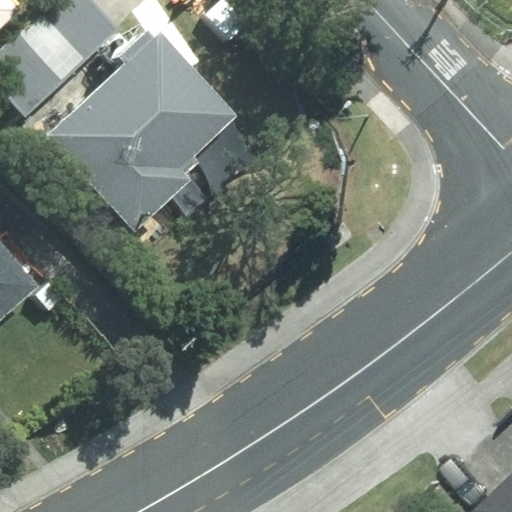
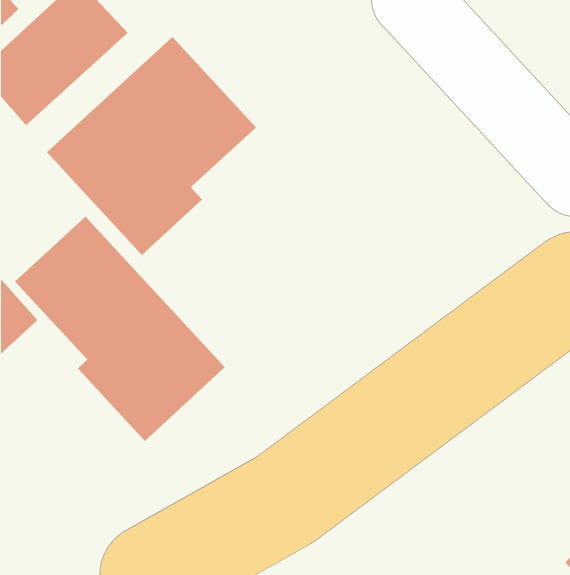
building: none -> [14,216,225,442]

